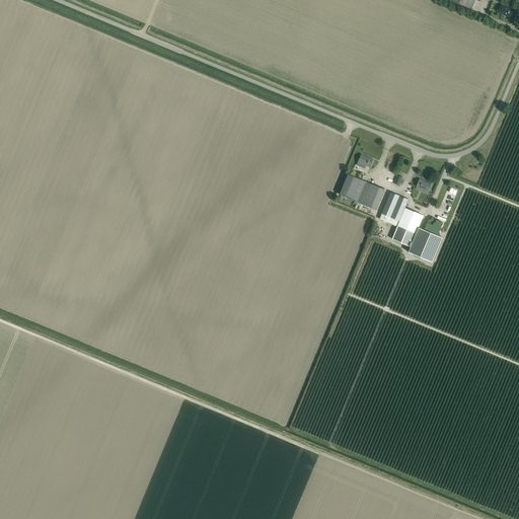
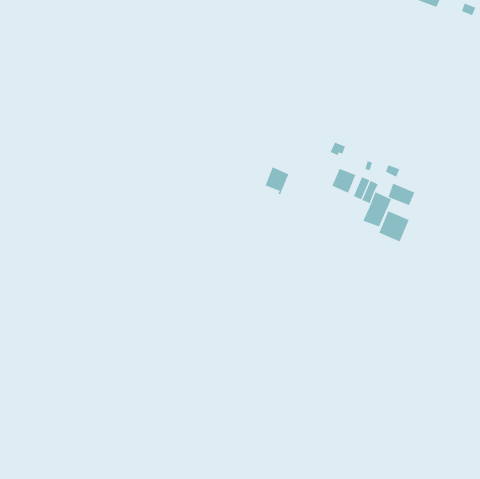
building: [340,173,366,204] -> [265,167,289,195]
building: none -> [388,183,415,206]

